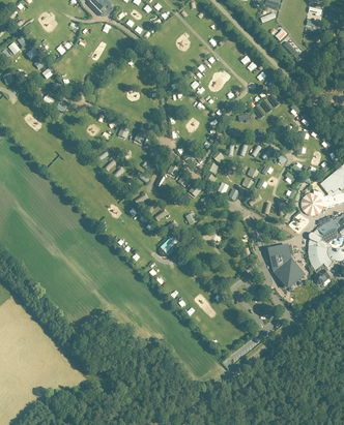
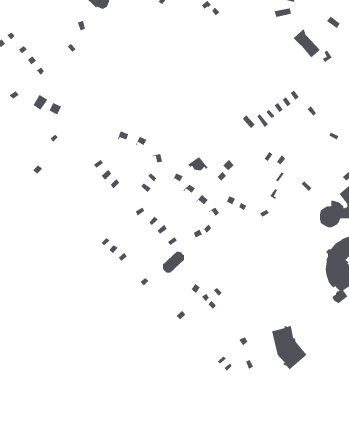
building: [267,244,300,285] -> [271,325,308,371]

